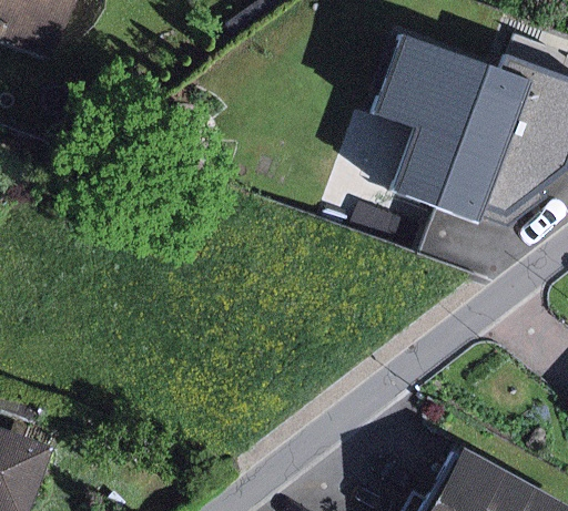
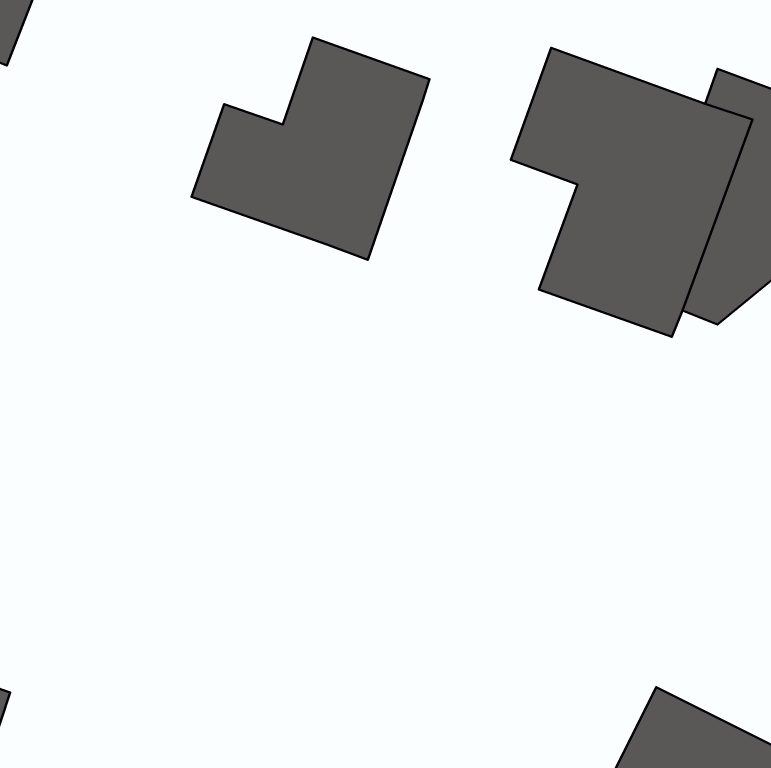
building: none -> [191,37,429,260]

